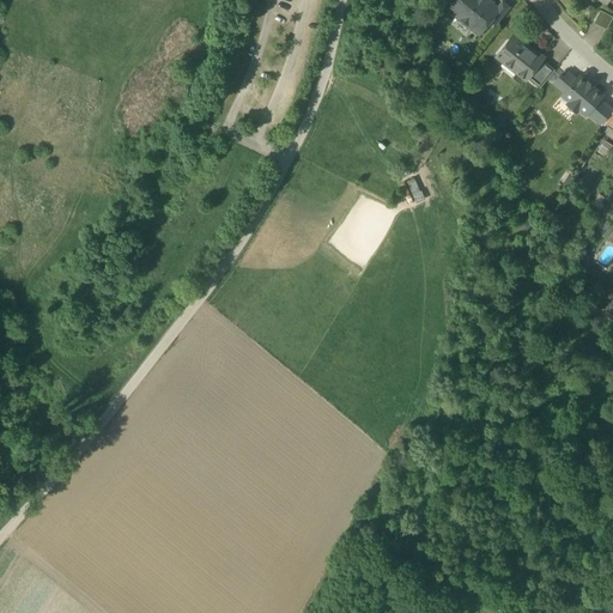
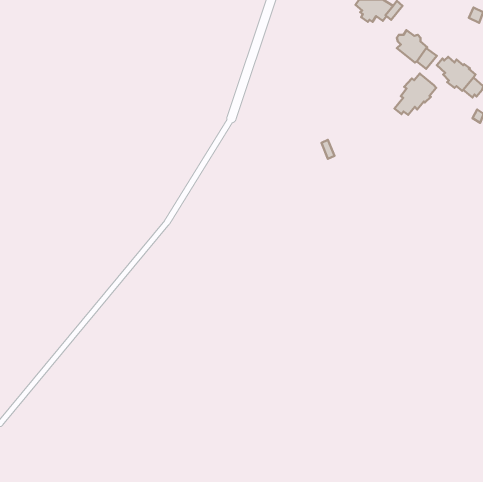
building: none -> [395,74,436,115]

